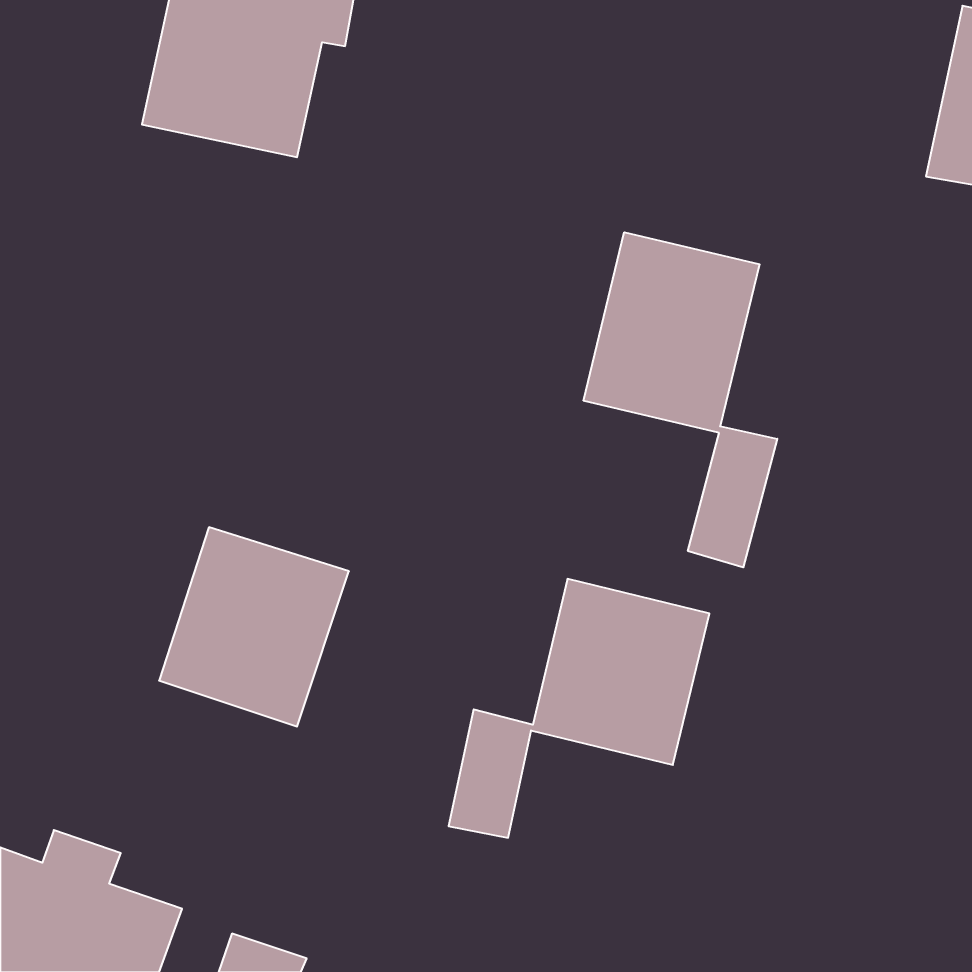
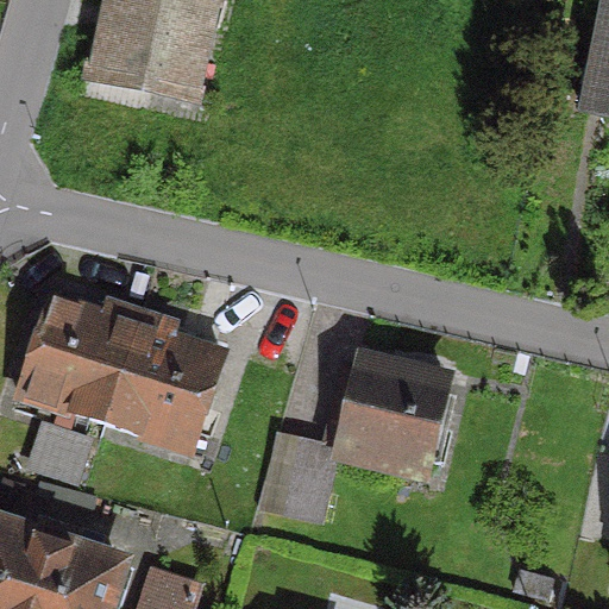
building: [584,232,777,567] -> none
building: none -> [17,299,134,422]

